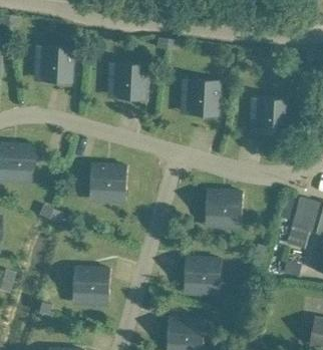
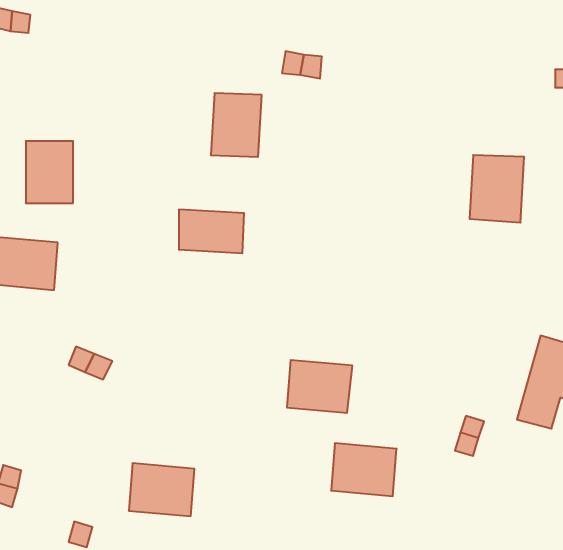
building: [45,48,71,82] -> [26,141,73,203]
building: [191,80,218,115] -> none
building: [91,167,127,192] -> [179,210,244,253]
building: [206,193,242,222] -> [287,360,352,413]

